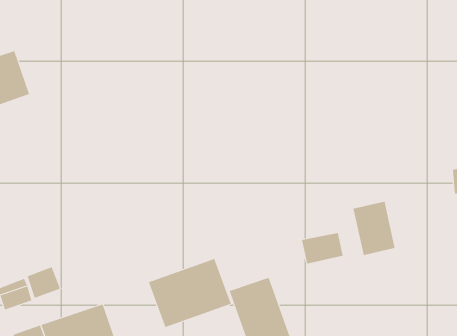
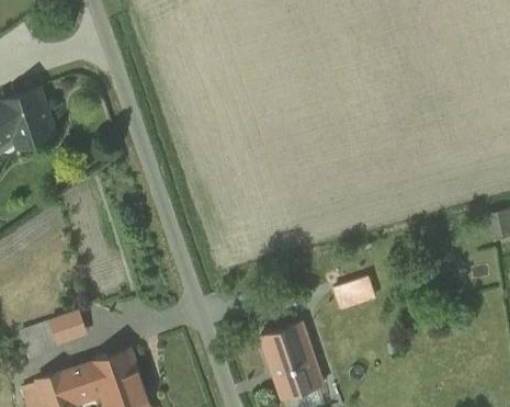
building: [353,201,395,256] -> none
building: [148,258,232,328] -> none

